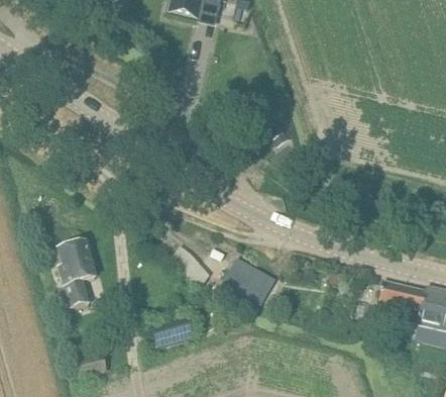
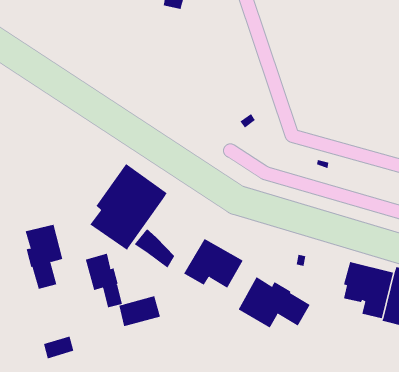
building: none -> [90,163,168,251]
building: none -> [85,253,123,308]
building: none -> [238,276,311,328]

